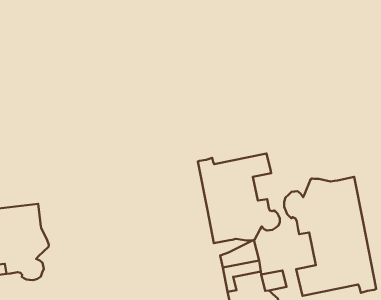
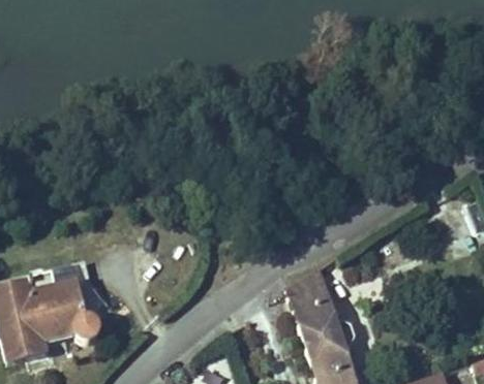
building: [198,154,280,243] -> none
building: [284,177,376,296] -> none

